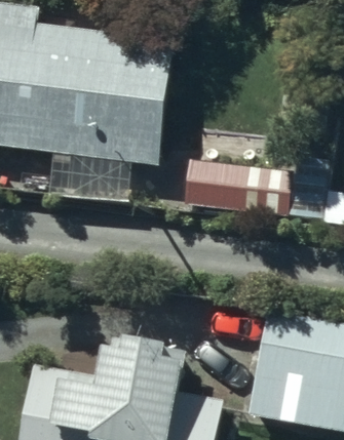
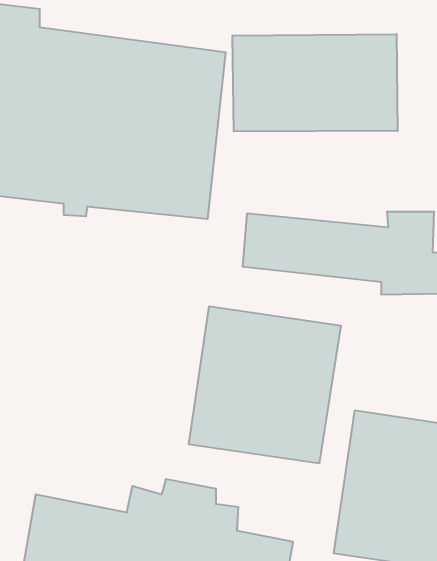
building: none -> [232,34,398,131]
building: none -> [189,306,341,463]

